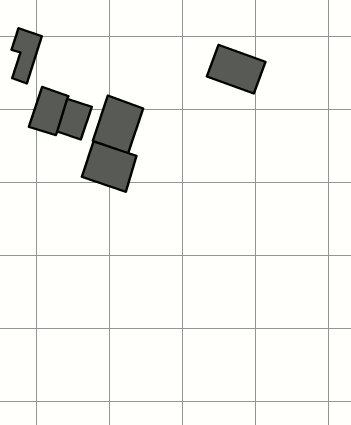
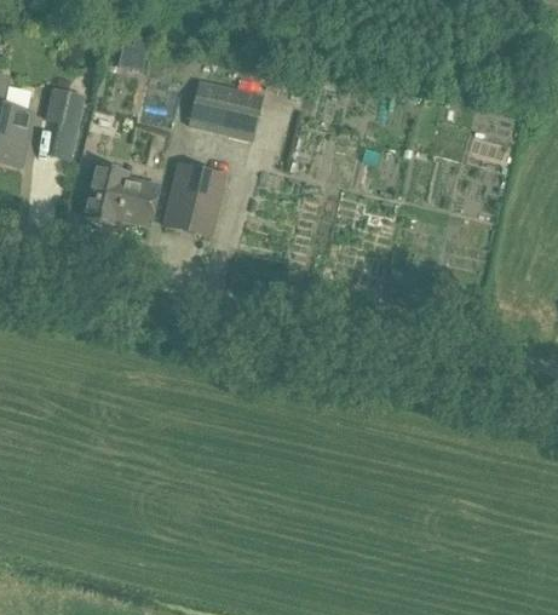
building: [207,45,266,94] -> [188,76,261,134]
building: [82,141,137,192] -> none

